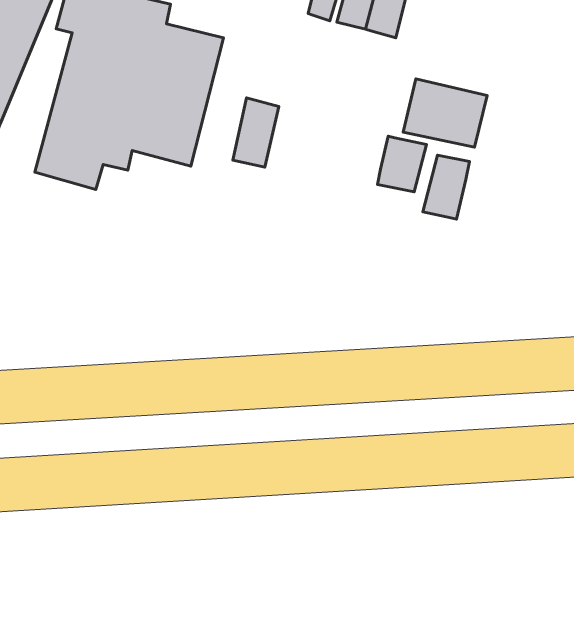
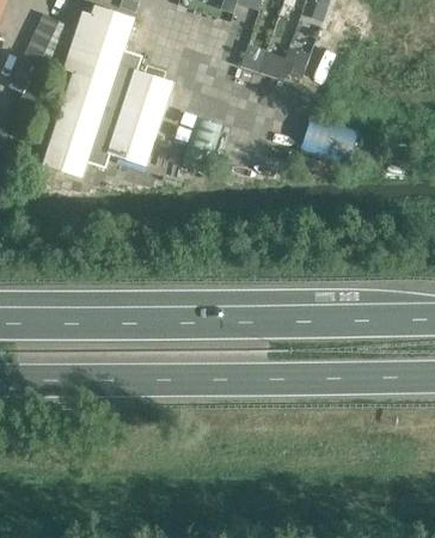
building: [378,136,427,192] -> none
building: [423,155,470,219] -> none

